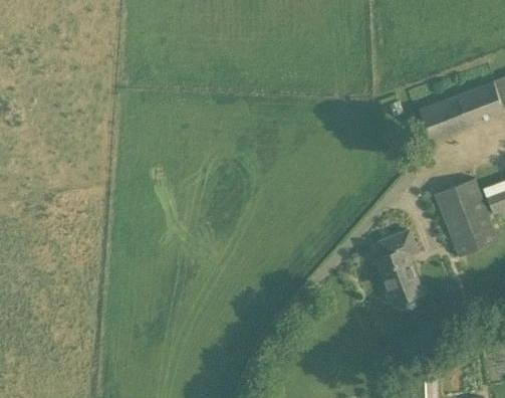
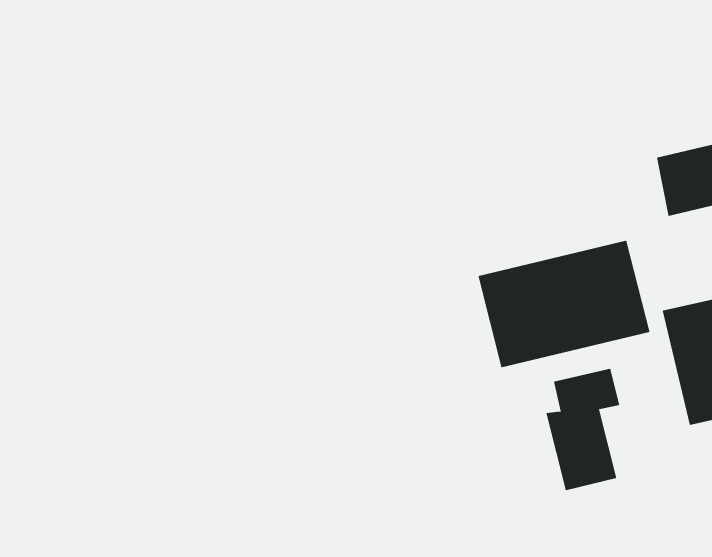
building: none -> [478,240,650,368]

